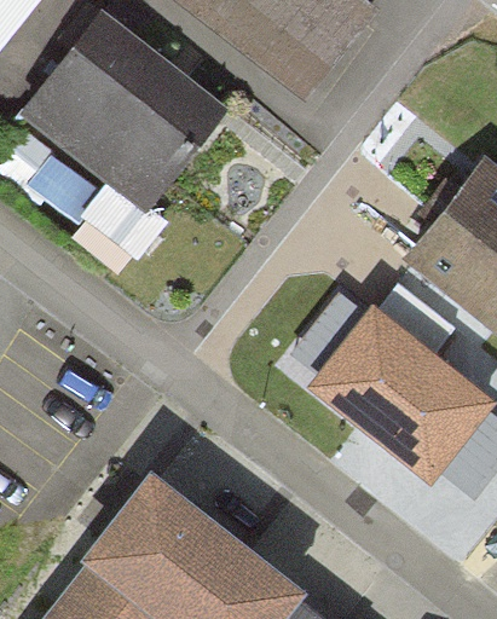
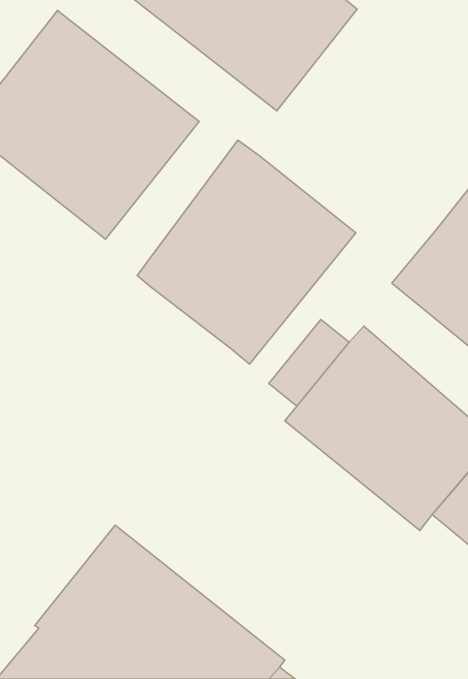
building: none -> [137,140,356,364]

